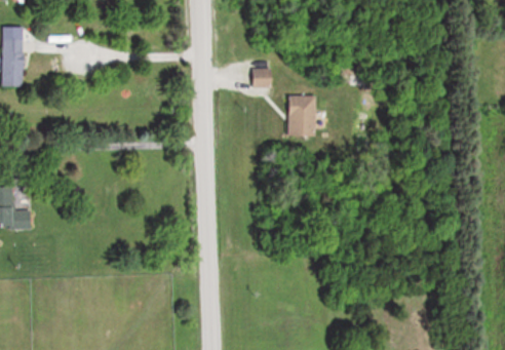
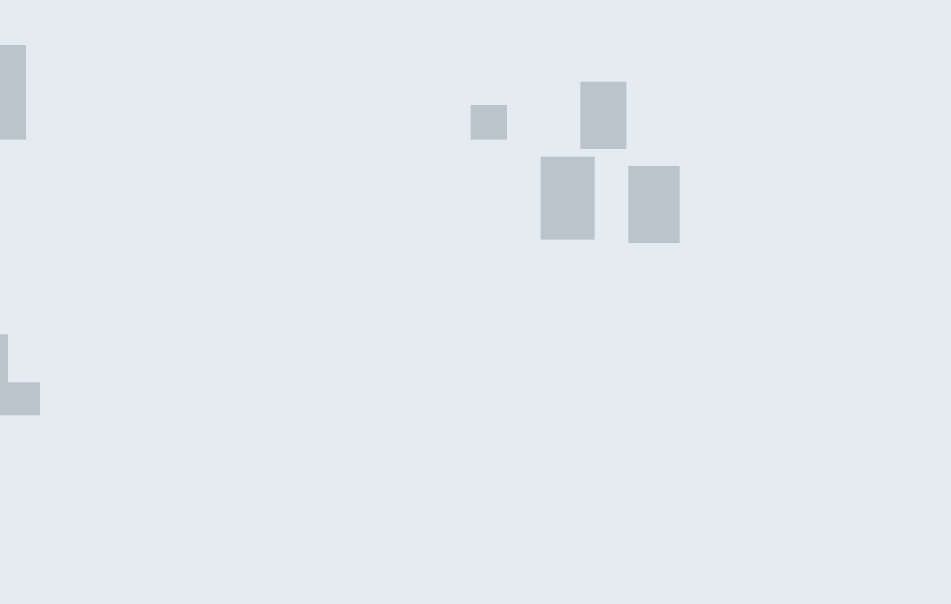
building: none -> [580,81,627,150]
building: none -> [628,165,680,244]

